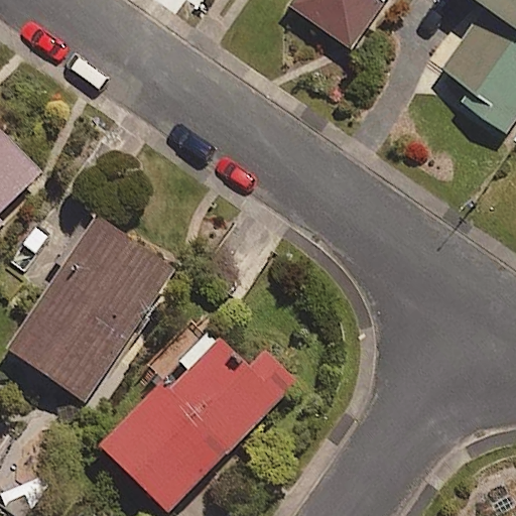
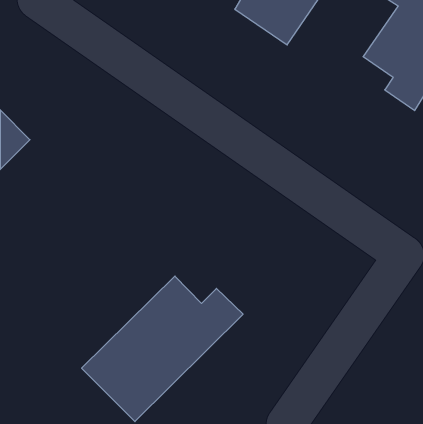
building: [7,218,172,400] -> none

